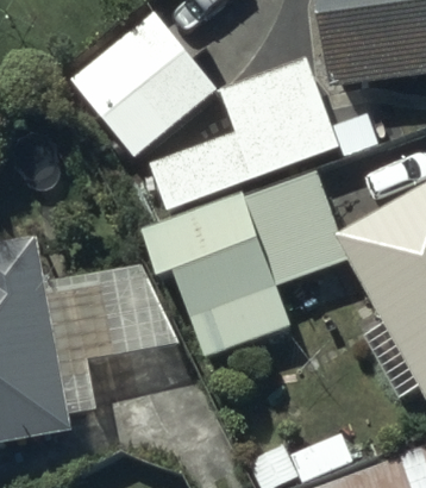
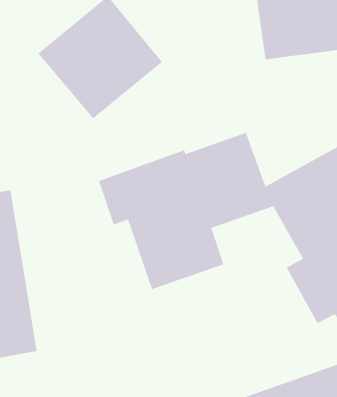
building: [148,57,340,212] -> none

